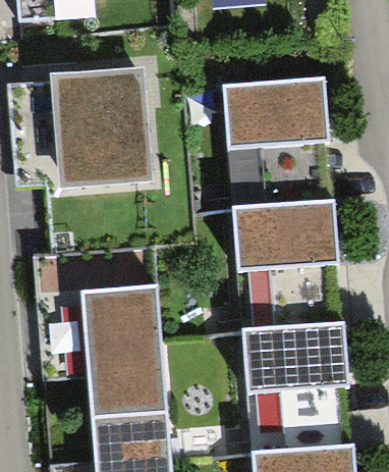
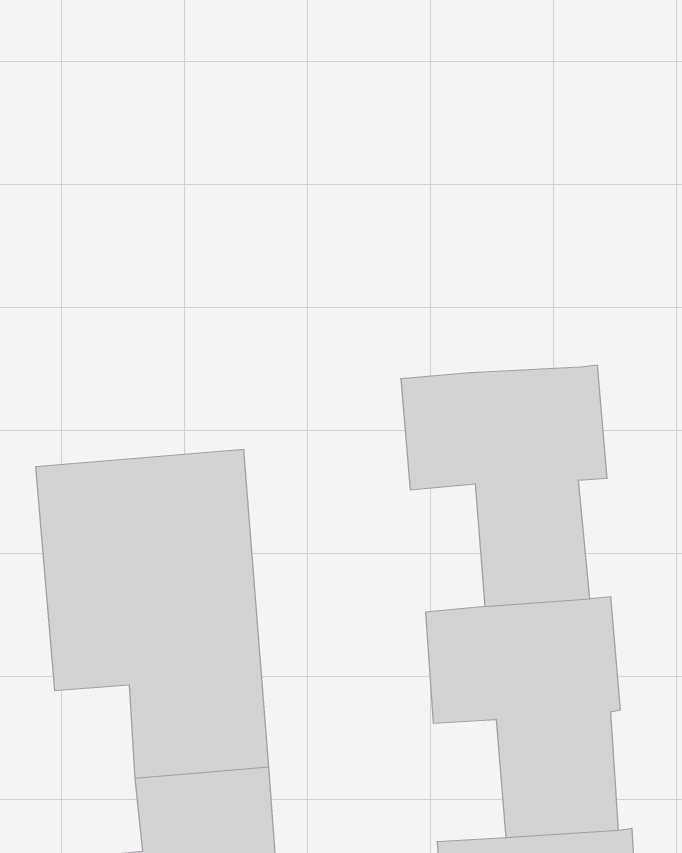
building: [52,73,148,183] -> none
building: [221,84,329,207] -> none

